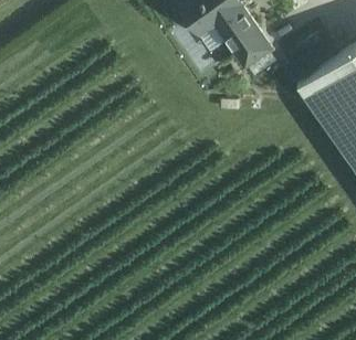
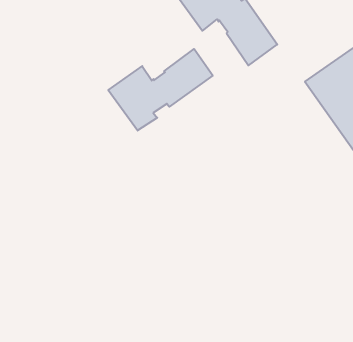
building: none -> [108,49,213,131]

